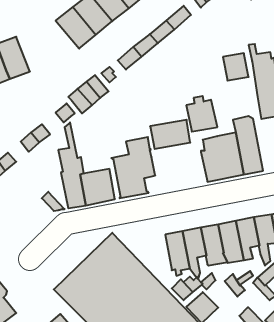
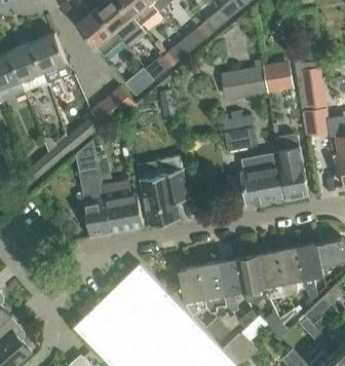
building: none -> [31,33,70,83]
building: [150,120,190,149] -> [220,67,265,100]
building: none -> [178,266,205,315]

